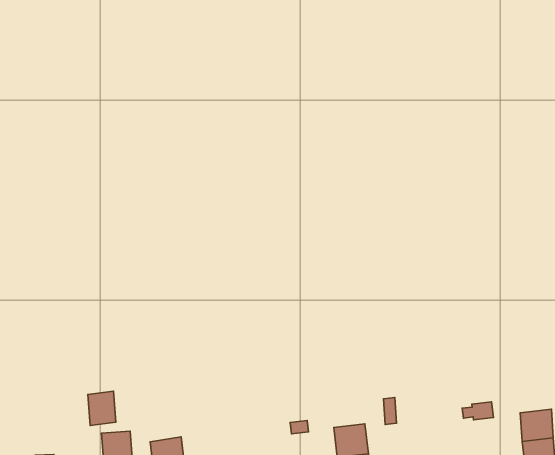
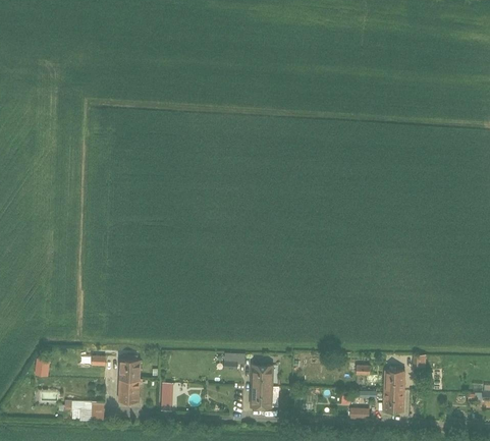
building: [88,391,116,425] -> none

